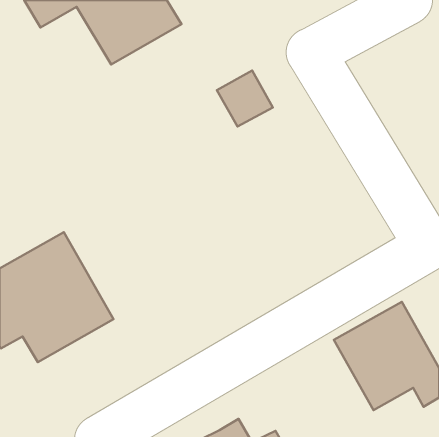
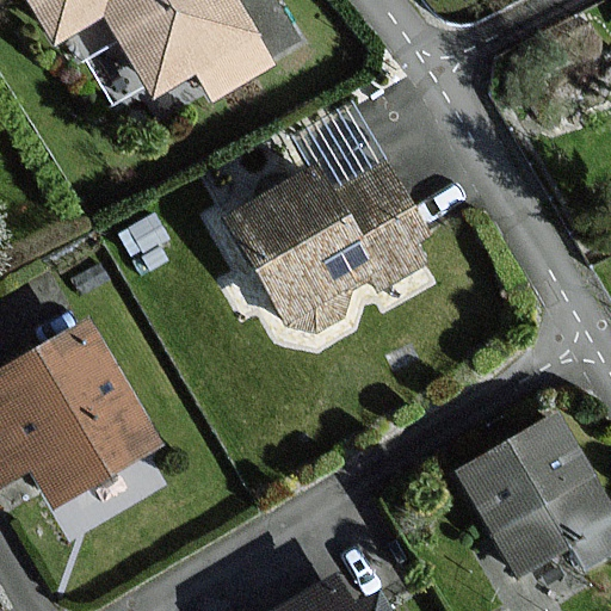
building: none -> [230,167,422,329]

